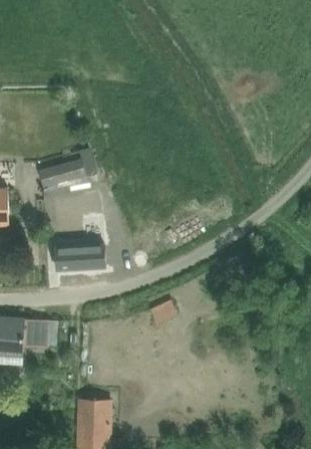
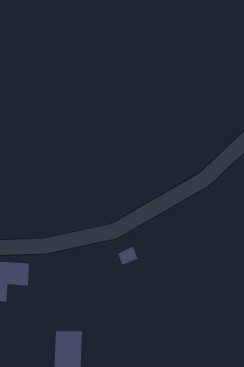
building: [38,159,85,188] -> none
building: [60,247,103,268] -> none

